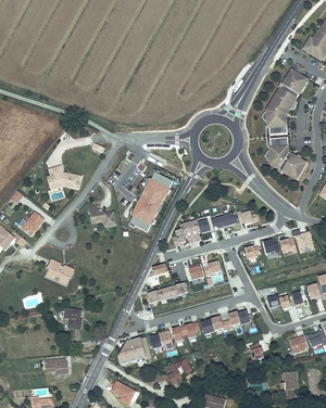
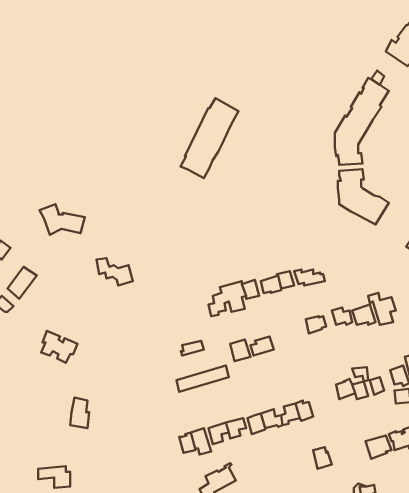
building: [127,168,171,228] -> [180,98,239,178]
building: [117,337,150,365] -> none

